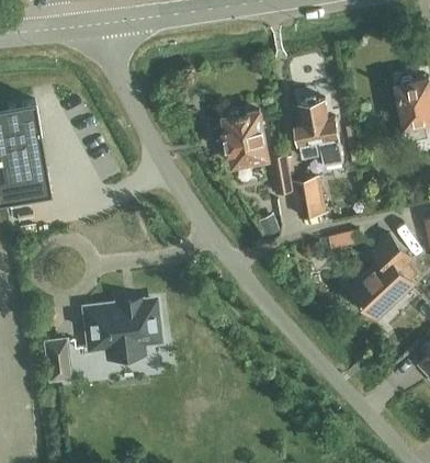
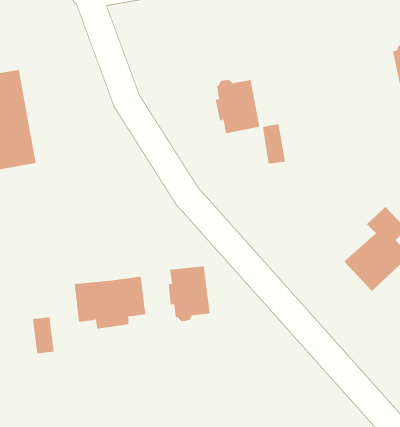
building: [296,100,342,166] -> none
building: [294,178,321,216] -> none
building: none -> [168,265,210,322]

